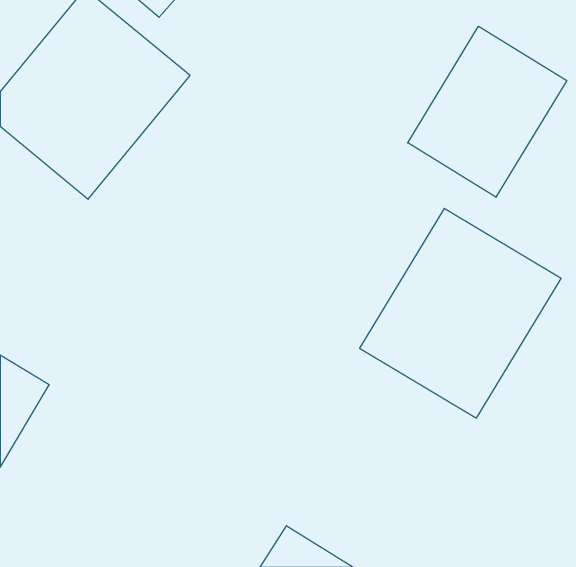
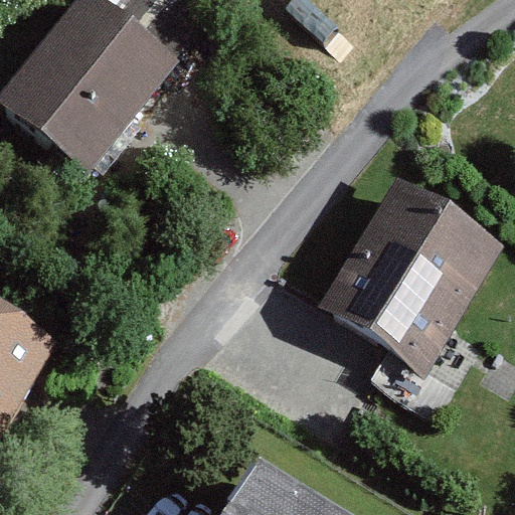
building: [408,26,567,197] -> none

